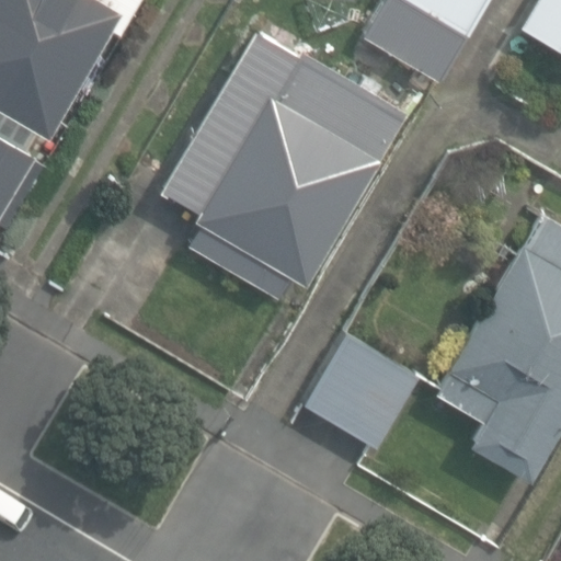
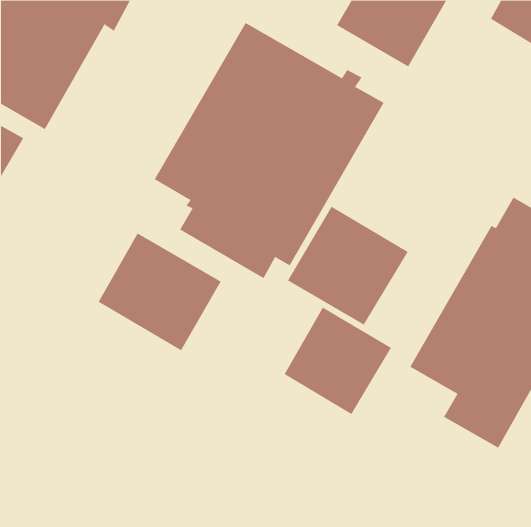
building: none -> [287,206,409,325]
building: none -> [98,233,222,351]

